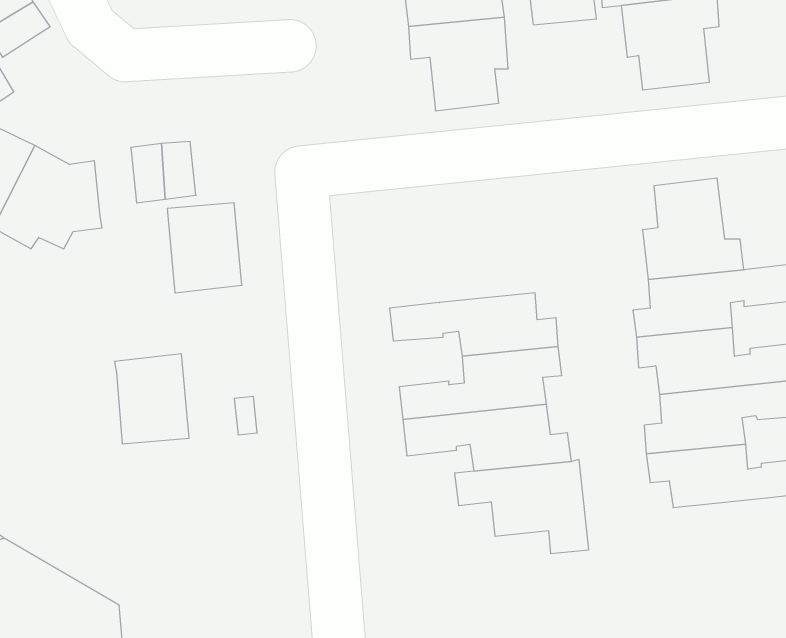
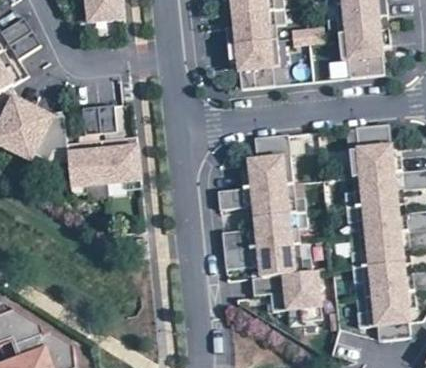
building: none -> [241,135,293,189]
building: [114,354,189,444] -> [66,140,105,187]
building: none -> [357,291,415,341]

